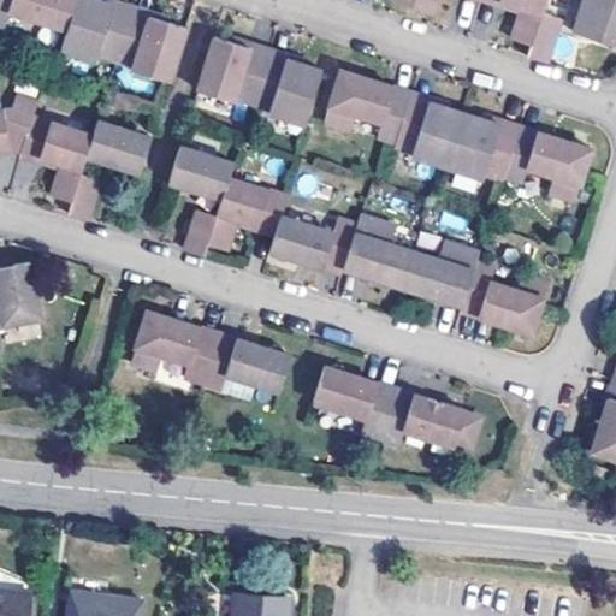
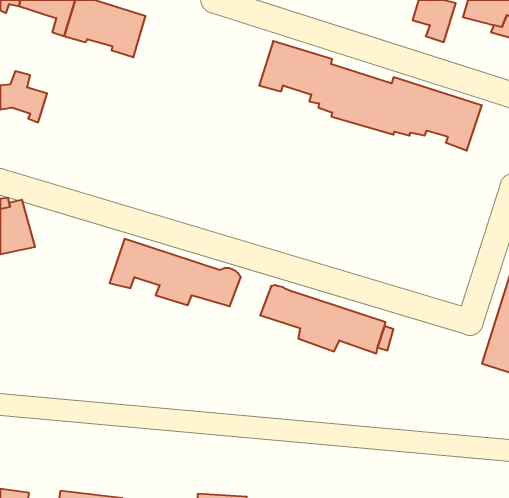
building: [200,46,319,130] -> none
building: [51,126,147,215] -> none
building: [171,158,544,328] -> none

